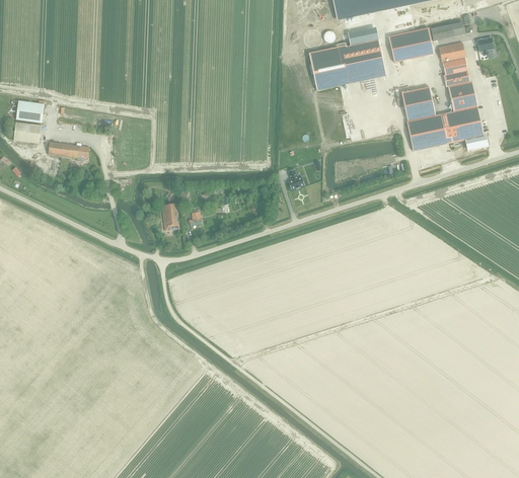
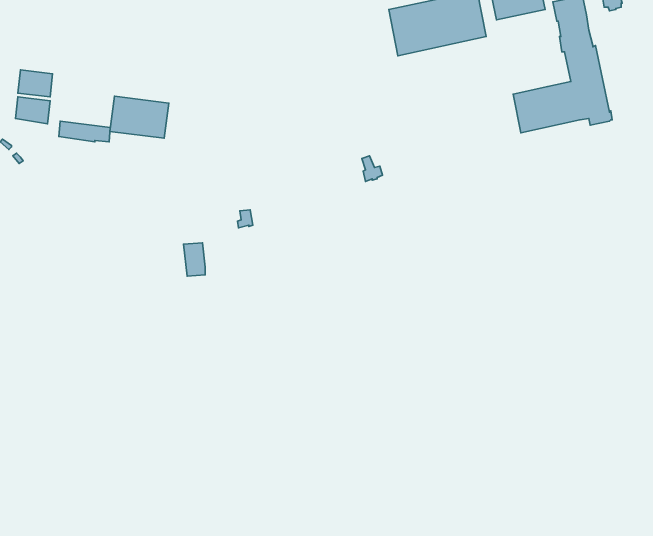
building: [400,86,434,121] -> none
building: none -> [110,96,169,138]
building: [161,204,178,230] -> [183,243,205,276]

